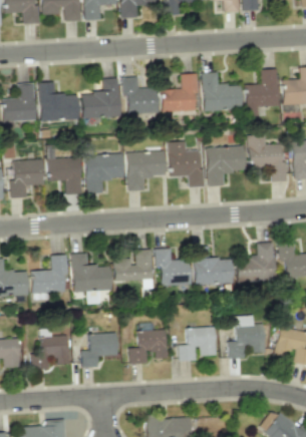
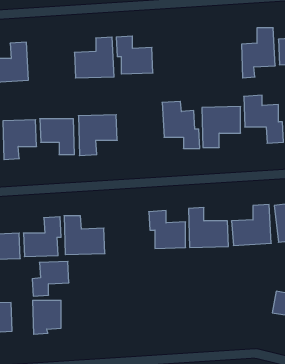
building: [202,72,242,110] -> none
building: [162,74,198,112] -> none
building: [39,82,78,121] -> none
building: [127,151,166,191] -> none
building: [113,250,152,282] -> none
building: [228,316,265,359] -> none
building: [179,327,216,362] -> none
building: [130,330,167,364] -> none
building: [81,334,117,368] -> [32,261,69,296]

